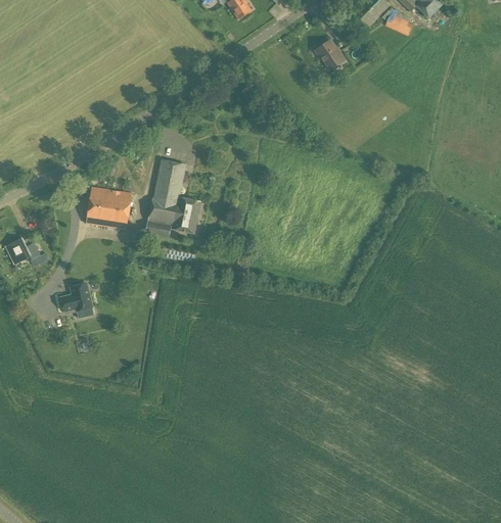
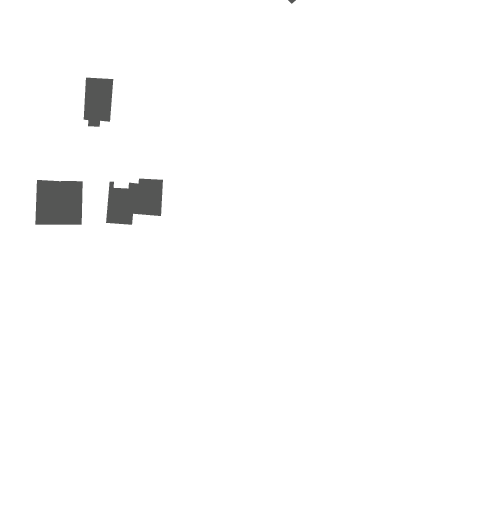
building: [154,158,186,203] -> [83,77,114,127]
building: [60,282,92,311] -> none

